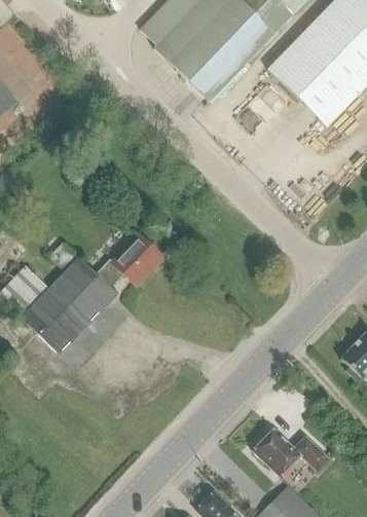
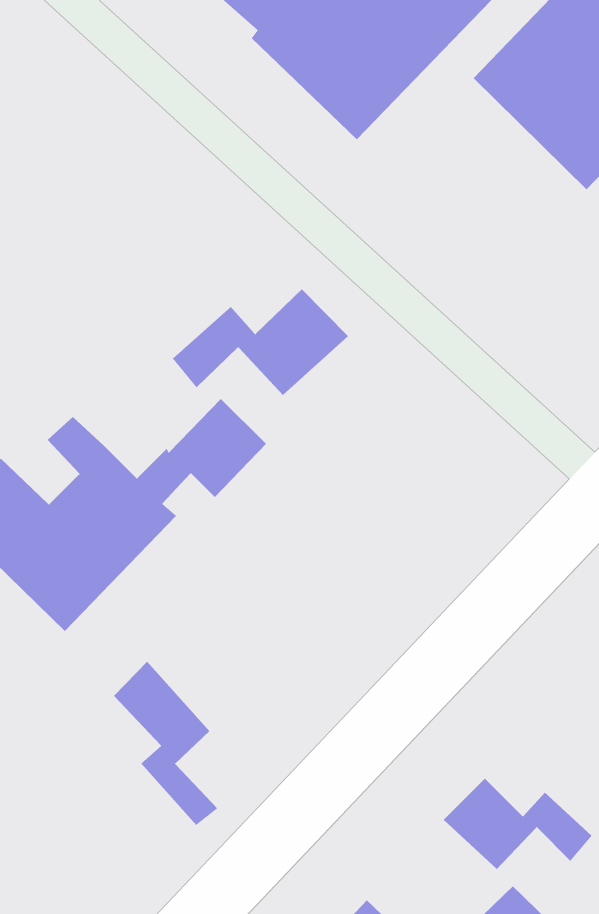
building: none -> [172,289,349,396]
building: none -> [113,661,218,826]

